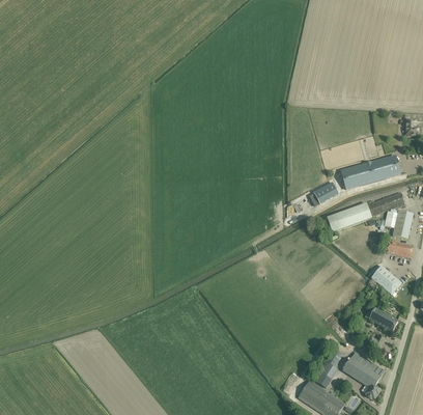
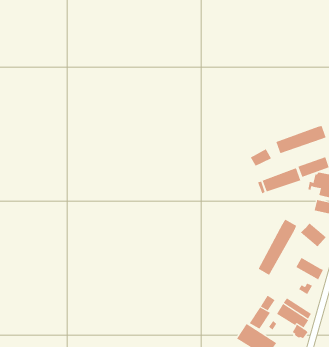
building: none -> [258,219,297,276]

